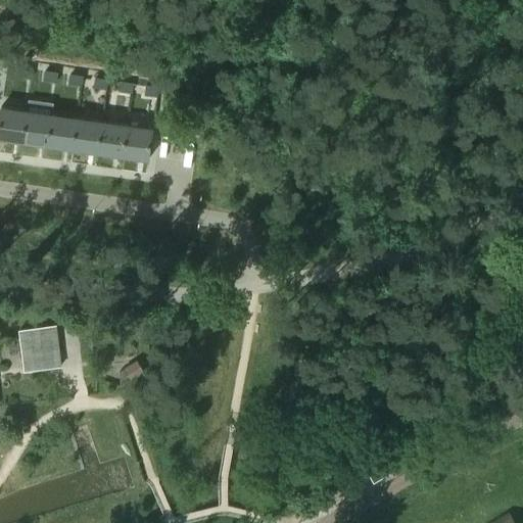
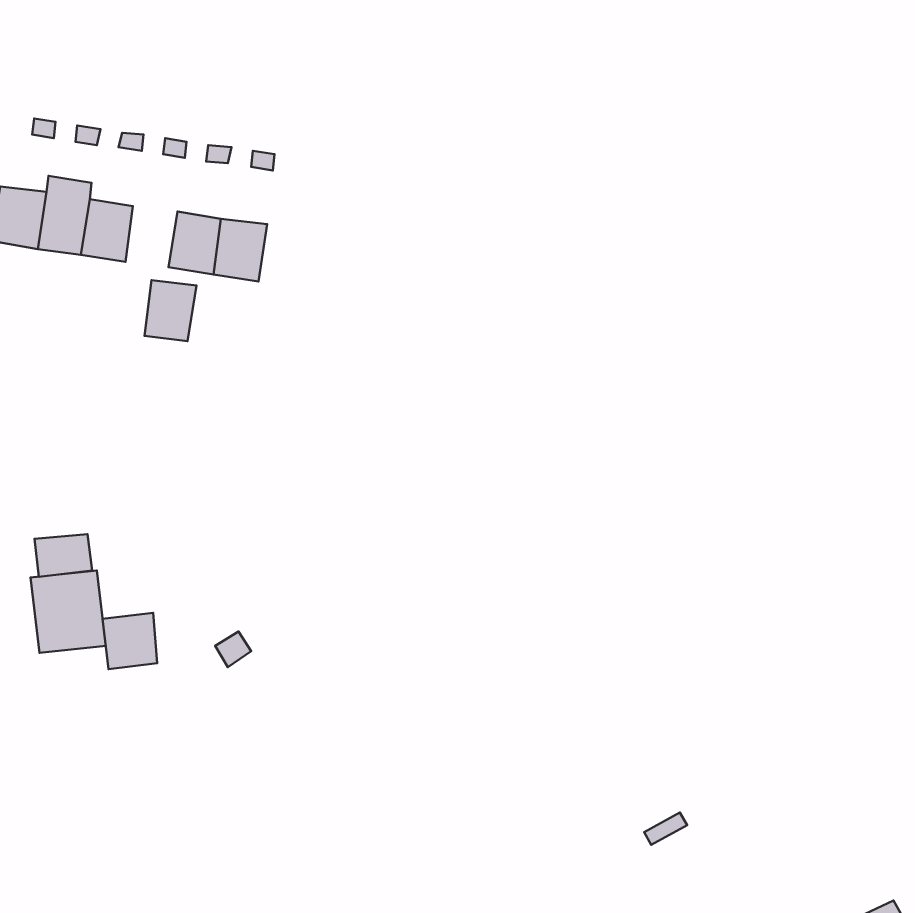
building: [72,120,101,154] -> [144,280,196,341]
building: none -> [34,534,92,577]
building: none -> [103,613,157,669]

